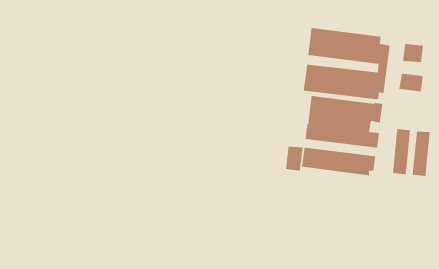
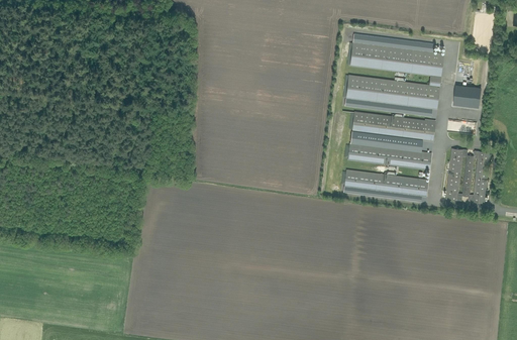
building: [403,43,423,63] -> none
building: [285,146,303,171] -> none

